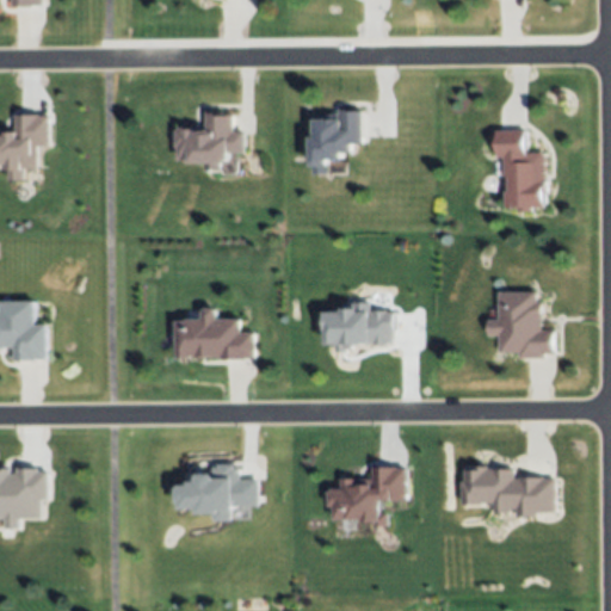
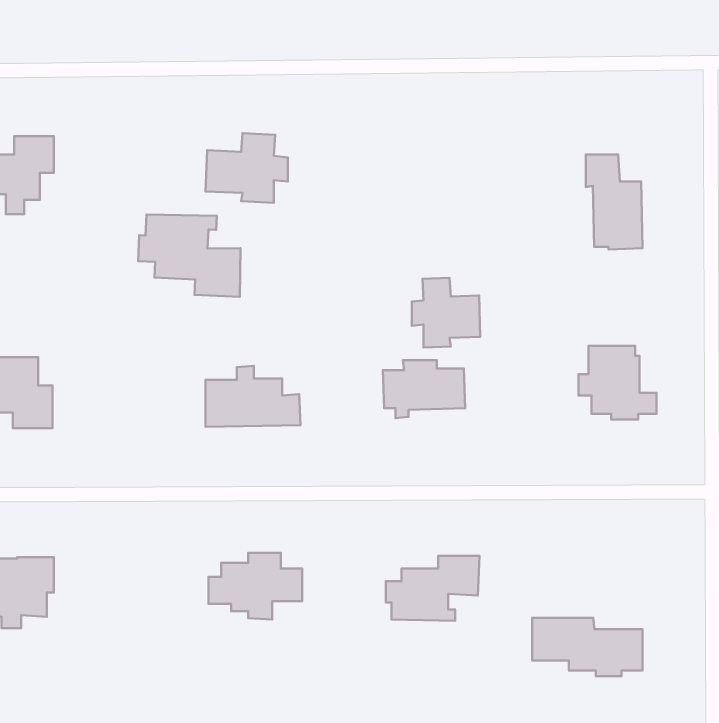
building: [310,110,359,174] -> none
building: none -> [138,215,241,297]
building: none -> [412,278,480,347]
building: [458,468,551,517] -> [532,618,643,676]

